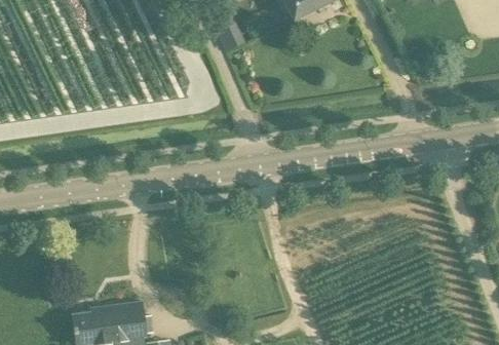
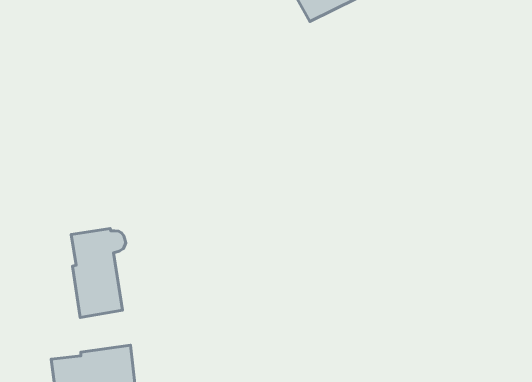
building: none -> [71,228,126,318]

